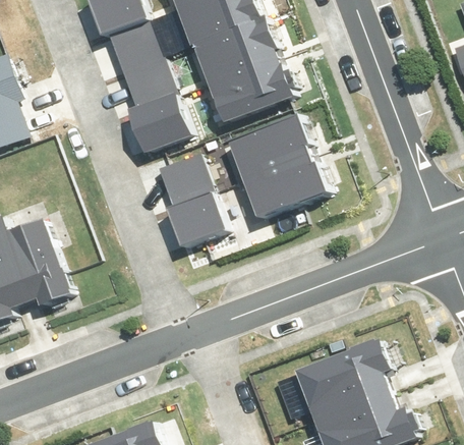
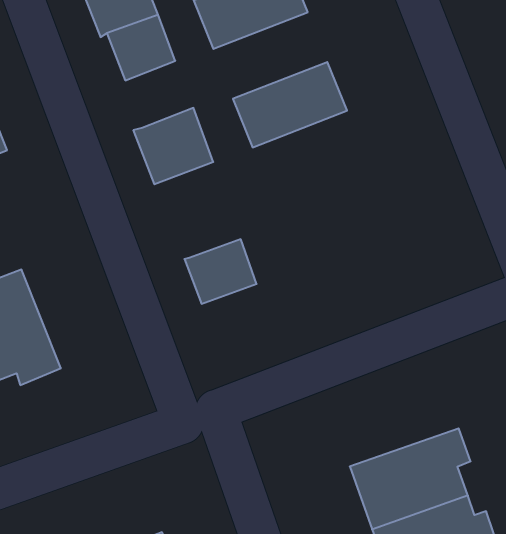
building: [191,17,280,85] -> none
building: [123,55,176,107] -> none
building: [232,119,328,217] -> none
building: [158,154,213,208] -> none

